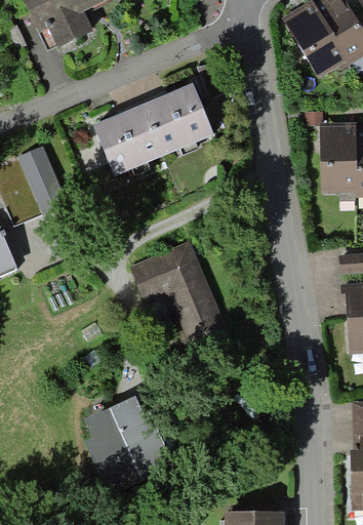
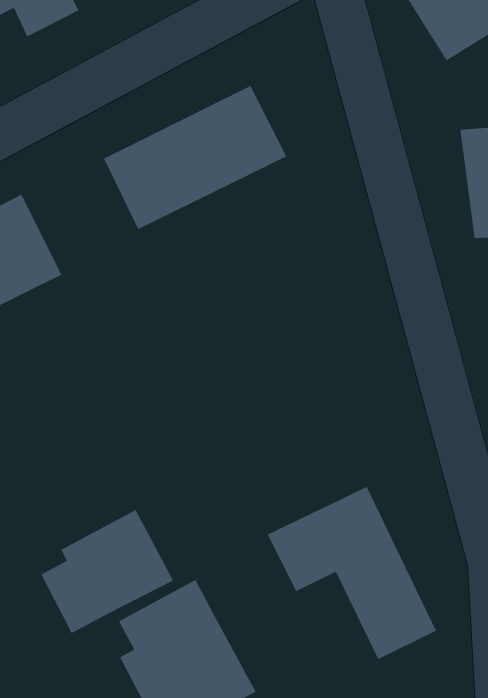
building: [129,240,231,349] -> [267,486,437,660]
building: none -> [40,509,174,634]

